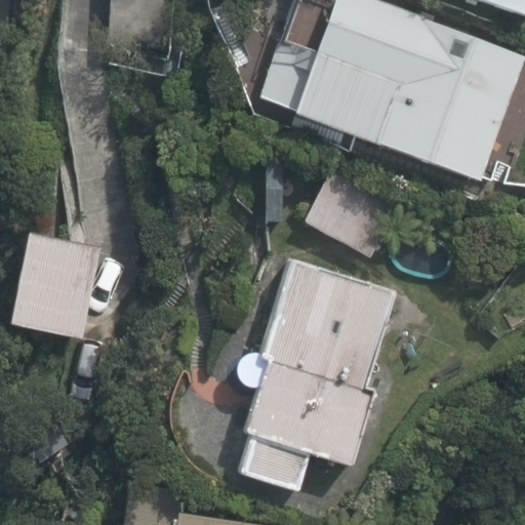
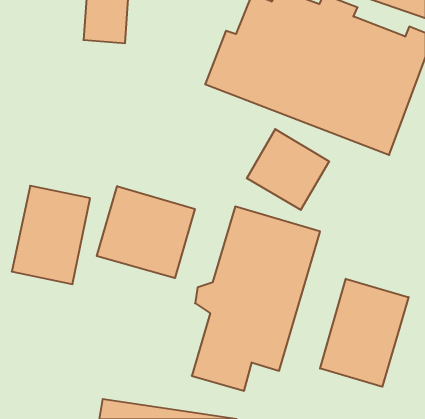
building: none -> [97,186,195,278]
building: none -> [320,279,409,387]

